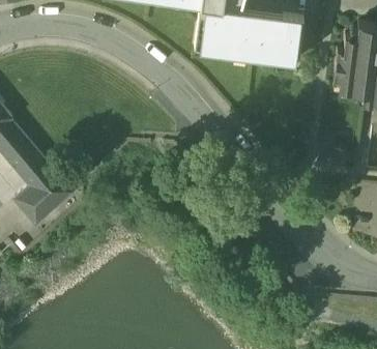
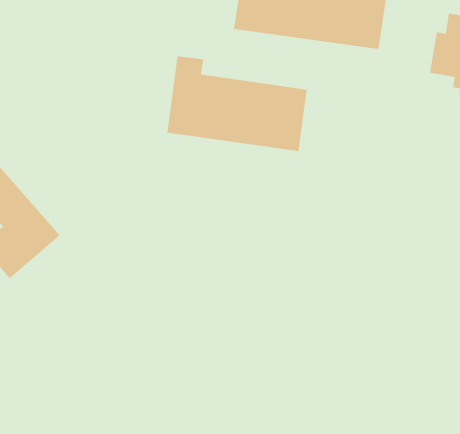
building: none -> [167,56,307,152]

